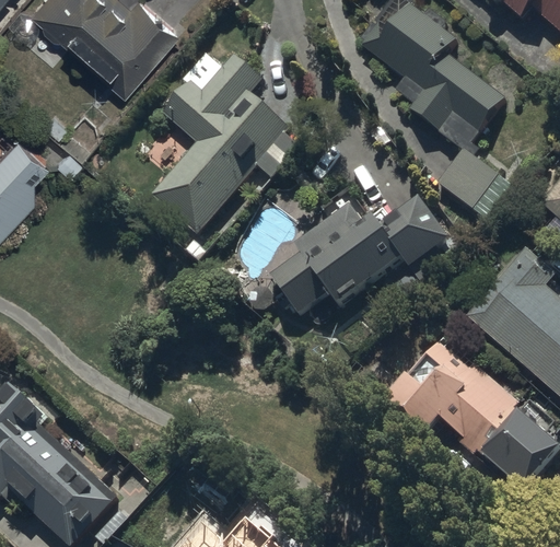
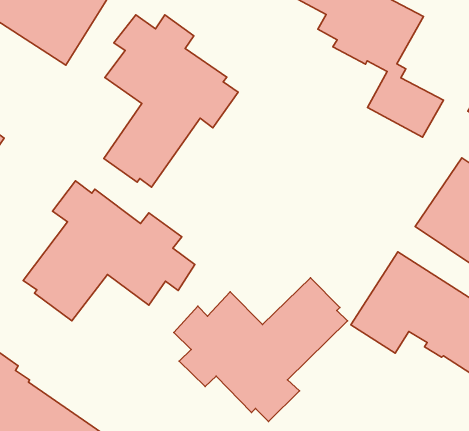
building: [270,198,452,312] -> none
building: none -> [23,181,195,321]
building: none -> [174,278,347,422]

